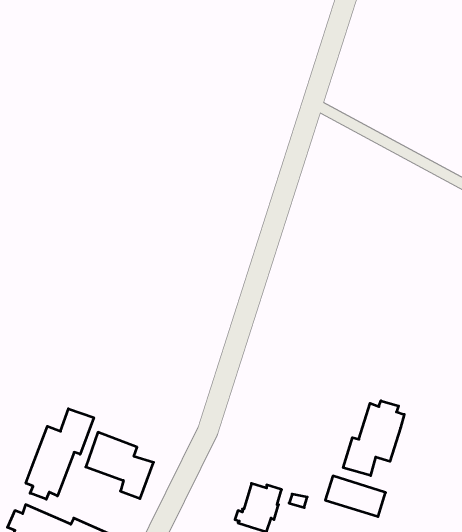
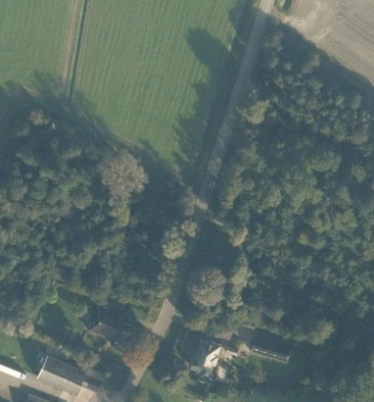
building: [343,401,404,476] -> none
building: [26,409,94,499] -> none

